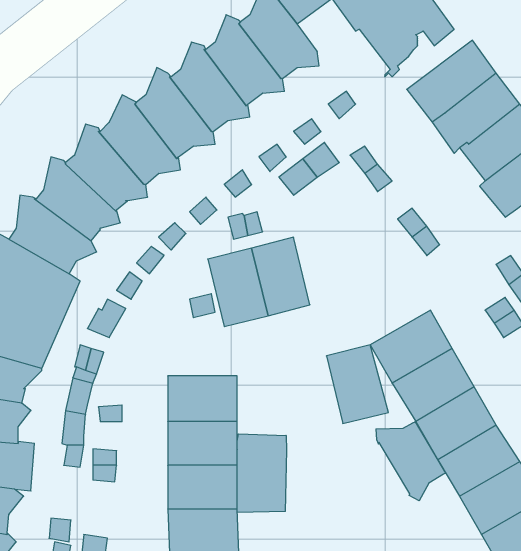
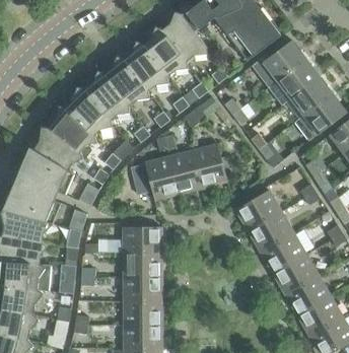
building: [326,345,388,423] -> [193,144,227,188]
building: [376,422,446,501] -> none
building: [237,434,287,512] -> none

